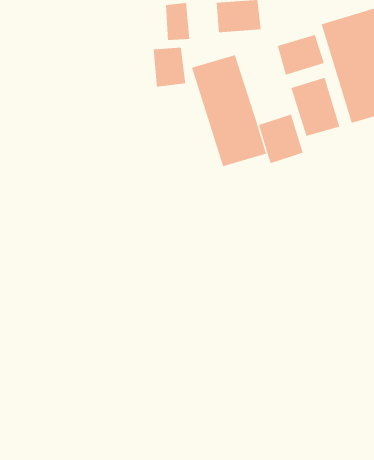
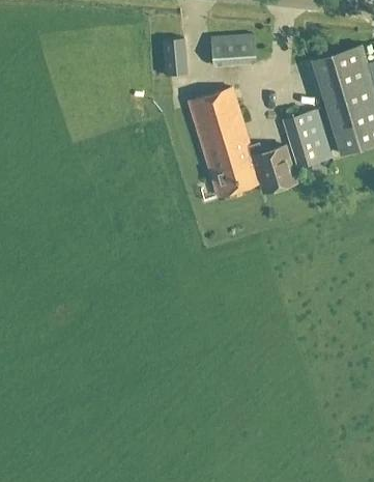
building: [277,34,324,75] -> none
building: [153,47,186,87] -> none

